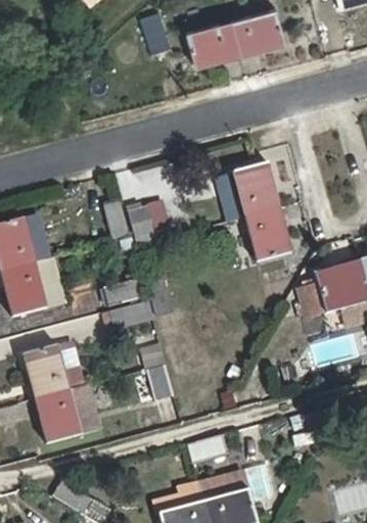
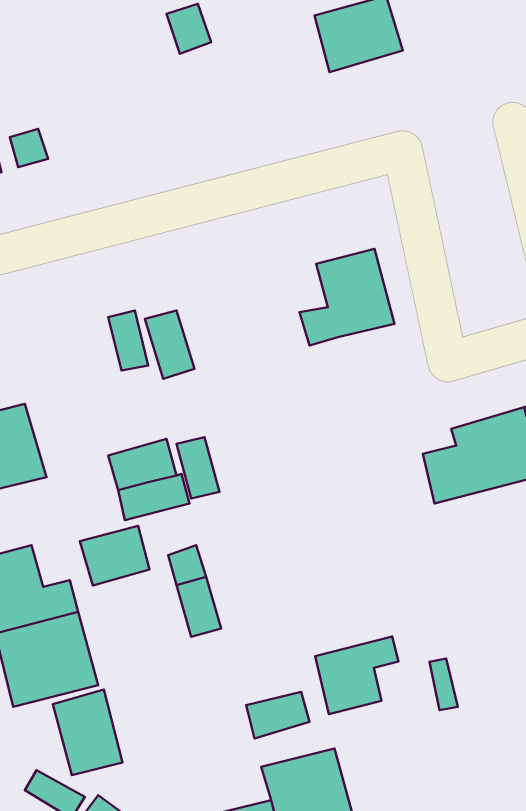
building: [186,19,240,67] -> none
building: [245,208,293,260] -> none
building: none -> [80,526,149,585]
building: none -> [315,636,399,714]
building: none -> [53,689,122,775]

